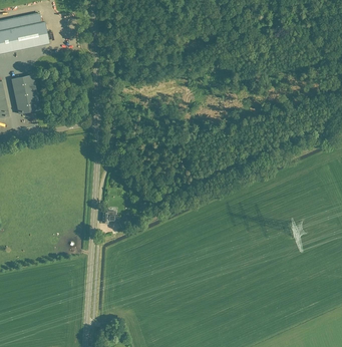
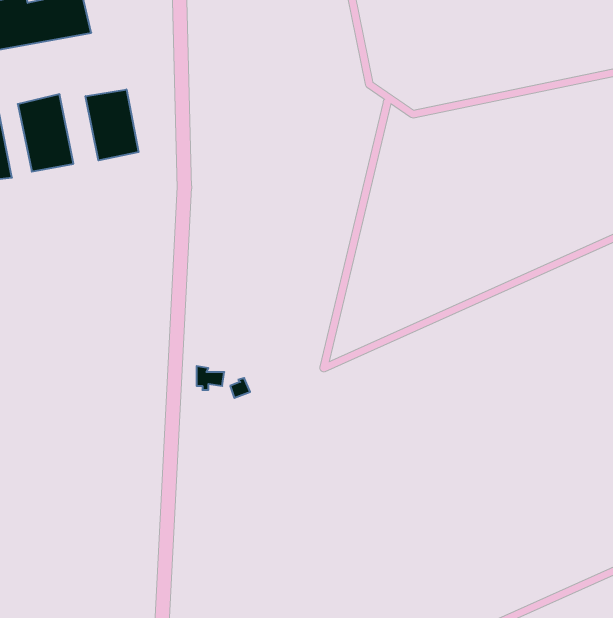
building: none -> [86,89,139,160]

